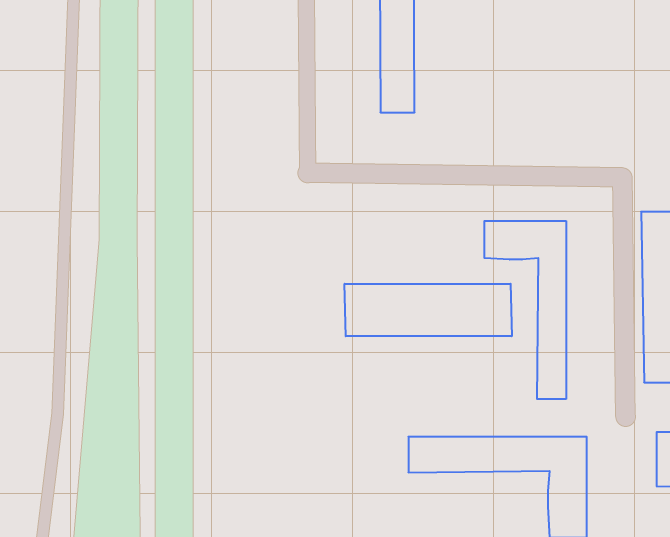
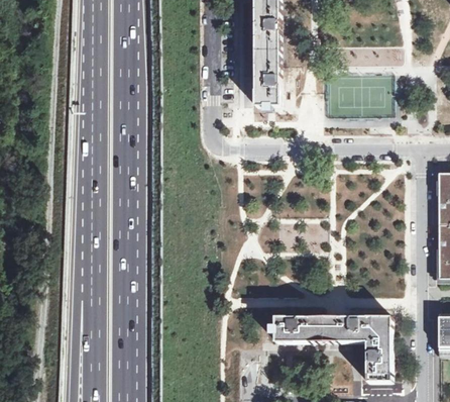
building: [484,221,566,399] -> none
building: [345,284,512,336] -> none

